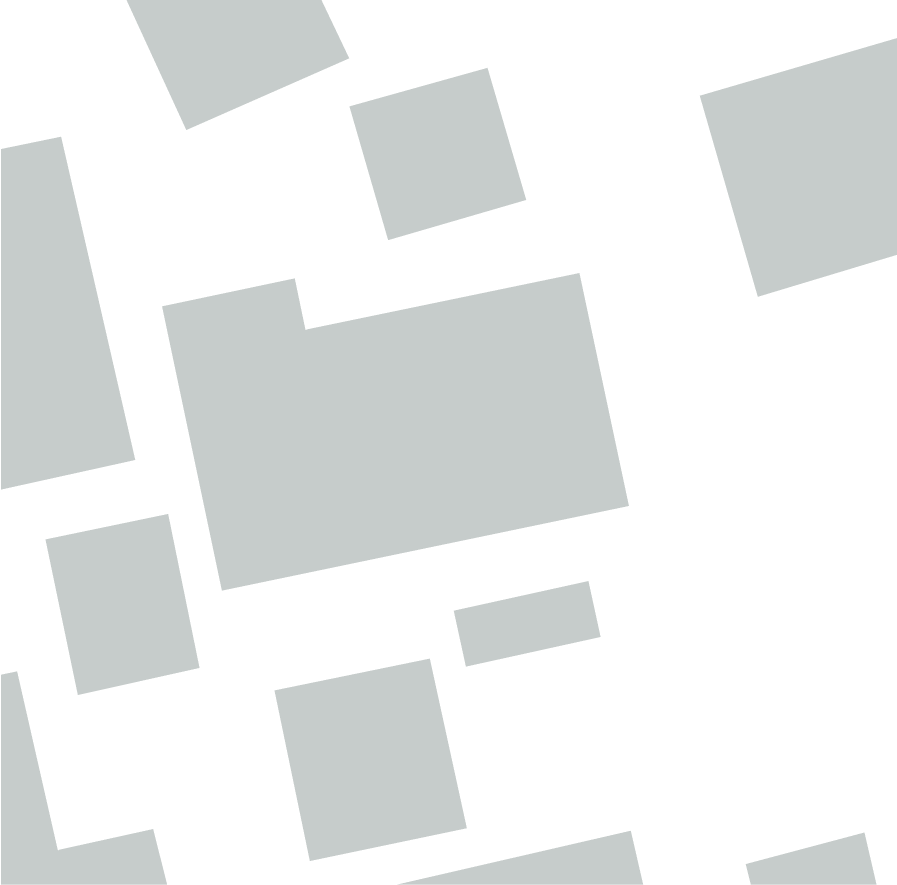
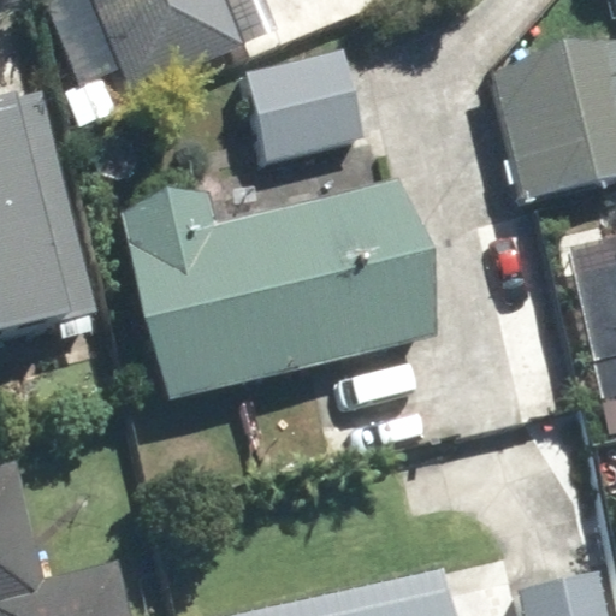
building: [45,513,200,696] -> none
building: [274,658,467,862] -> none

